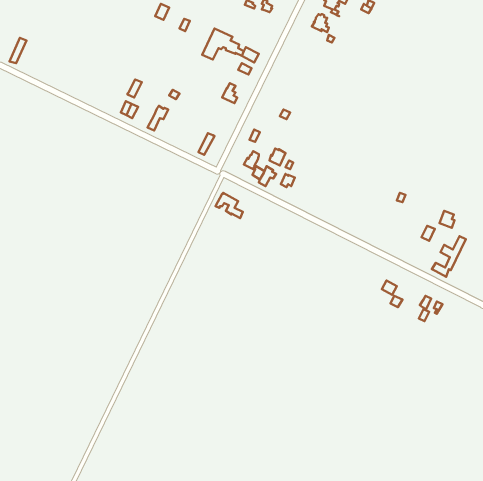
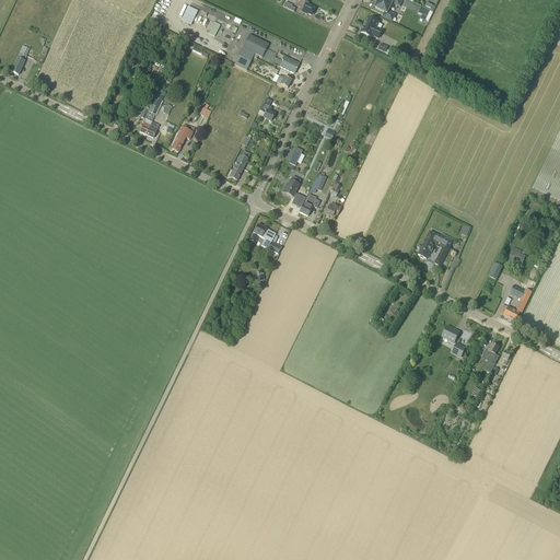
building: none -> [418,230,452,265]

